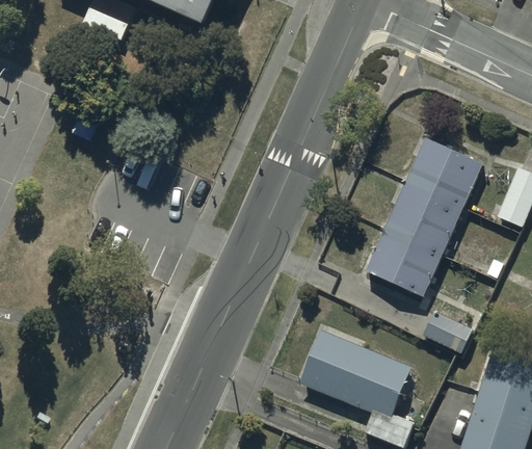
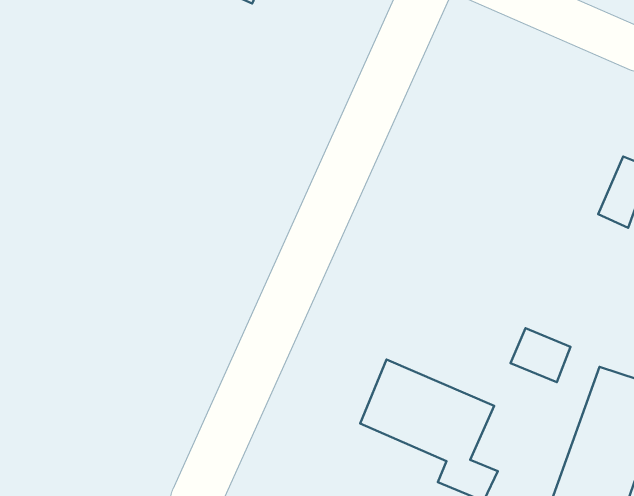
building: [367,131,484,291] -> none

